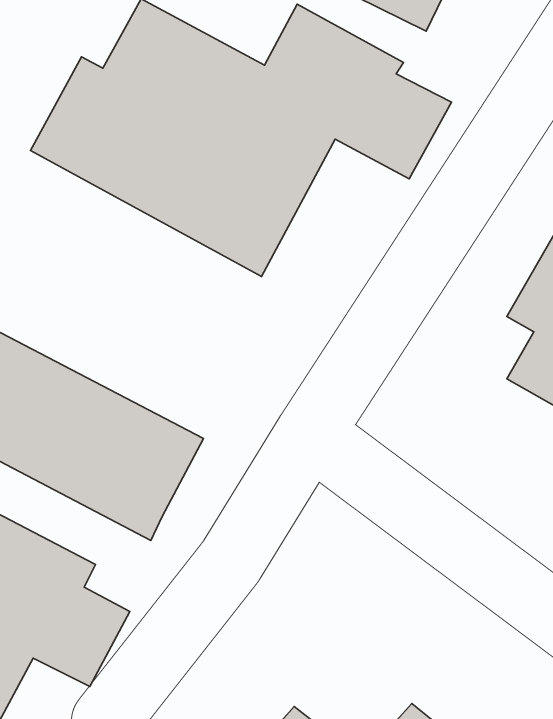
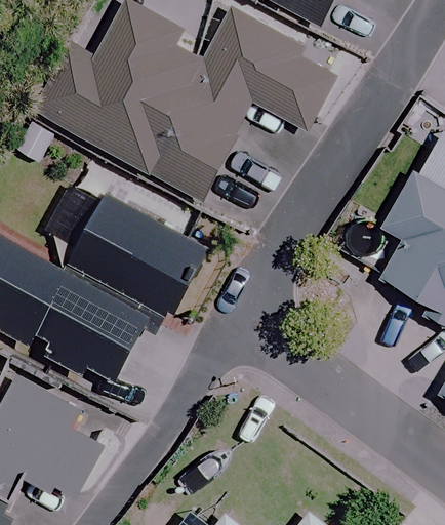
building: none -> [67,189,205,310]

